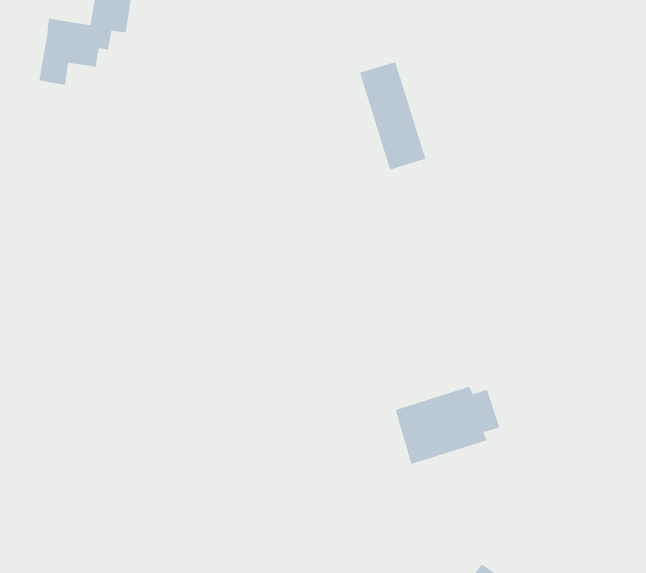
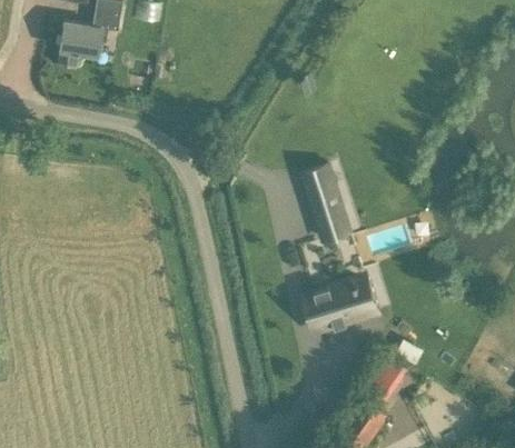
building: [359,61,426,170] -> [304,163,350,239]
building: none -> [367,352,410,399]

